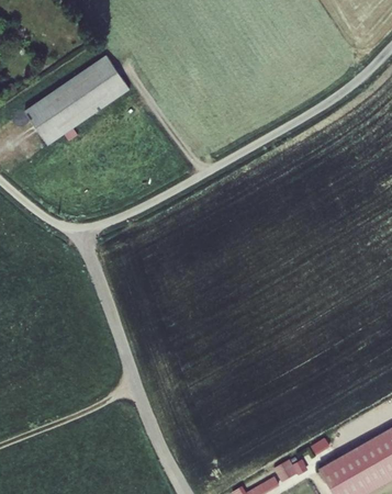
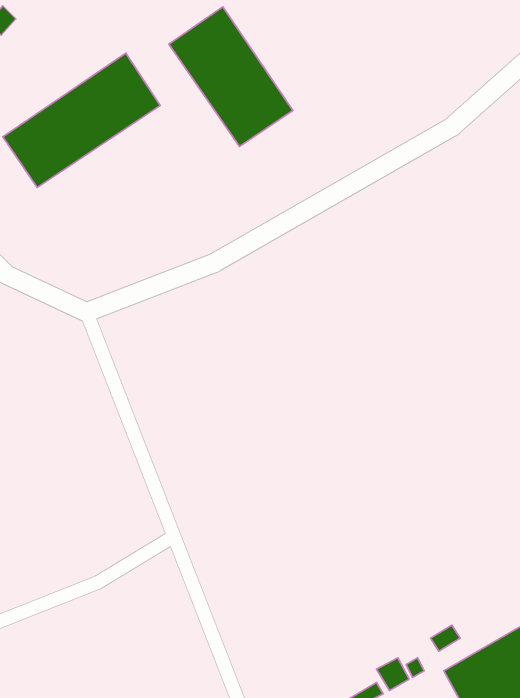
building: none -> [169,7,293,147]

